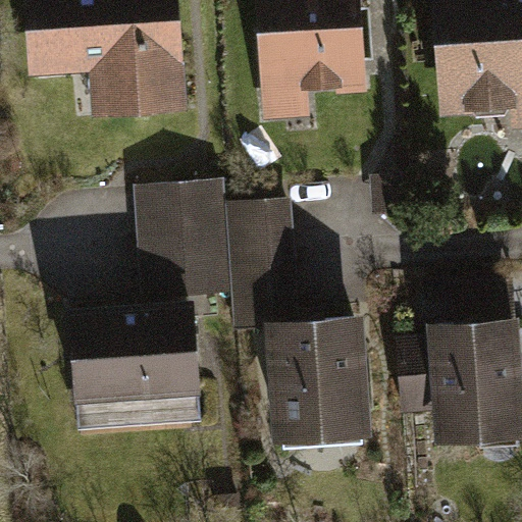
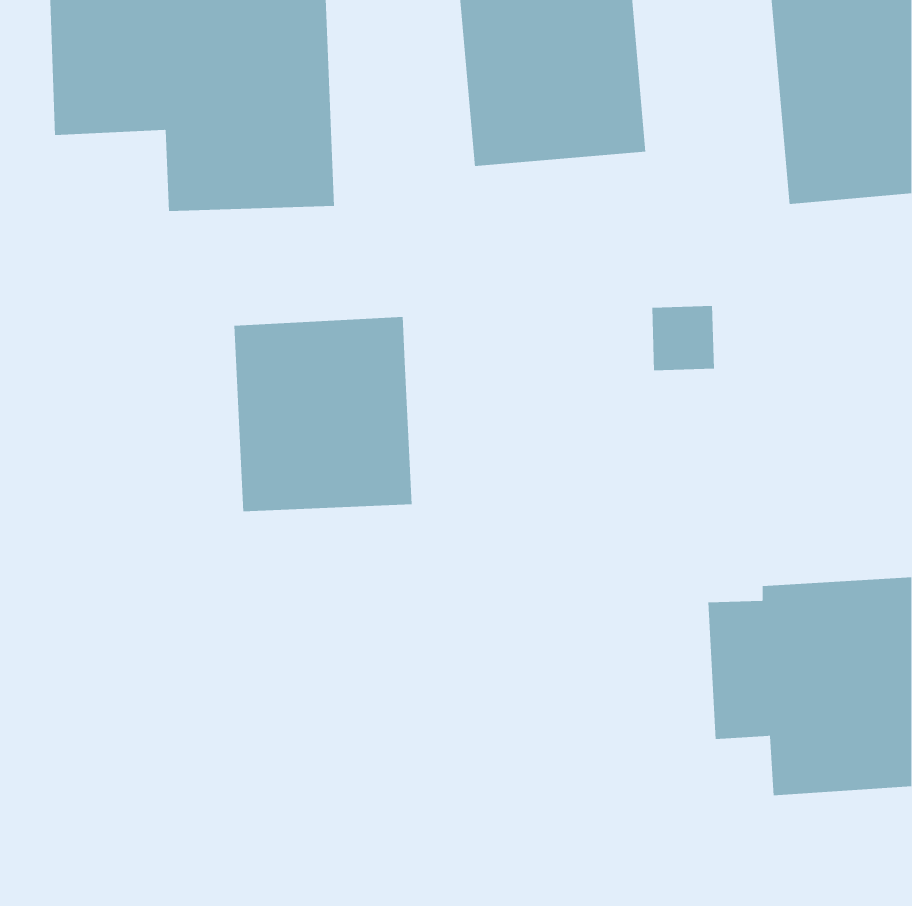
building: [228,201,293,331] -> none
building: [73,302,200,417] -> none
building: [270,327,373,446] -> none

